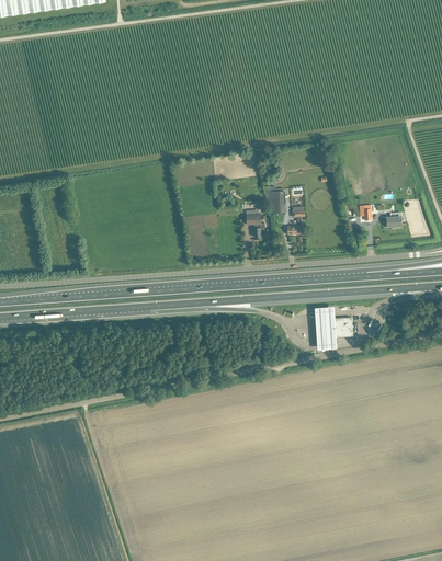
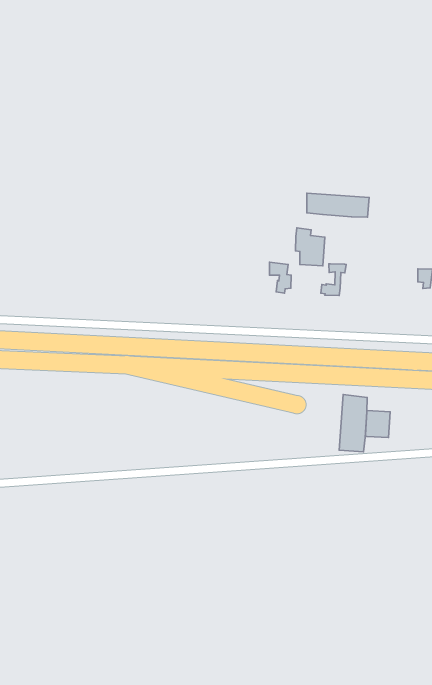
building: none -> [307,193,369,217]

